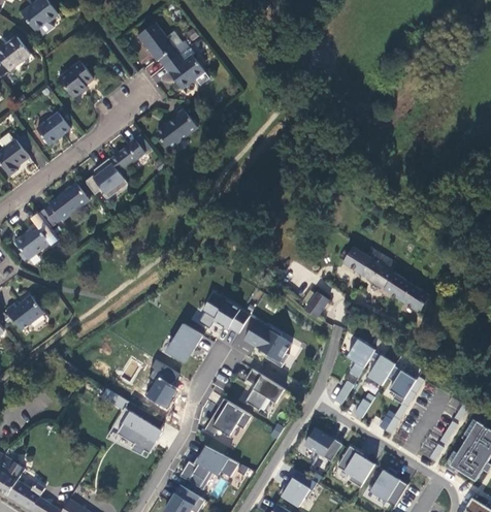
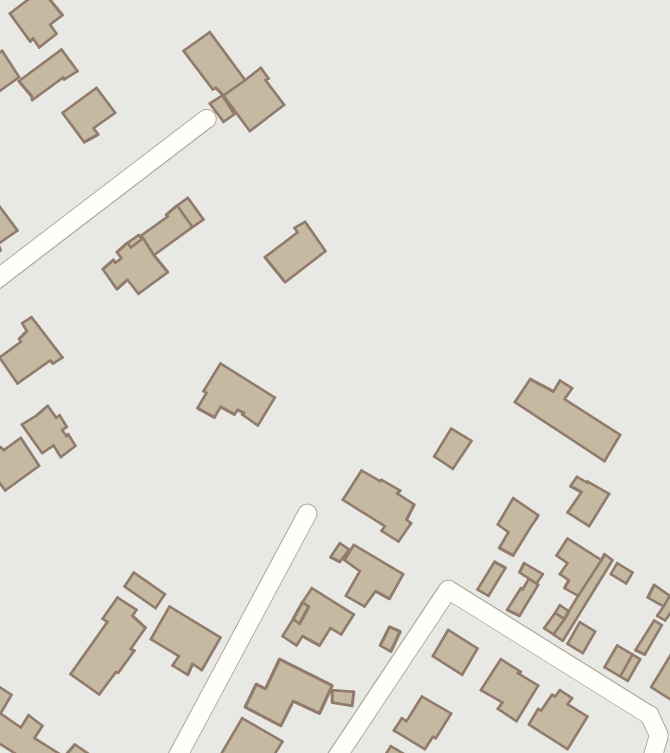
building: none -> [19,50,78,100]
building: [157,113,197,153] -> [265,222,325,282]
building: [35,115,69,147] -> none
building: [45,188,89,226] -> none
building: [338,246,389,274] -> none
building: none -> [22,406,76,457]
building: [199,291,251,332] -> [197,363,275,425]
building: [166,324,203,363] -> none
building: [367,351,395,384] -> [567,477,609,526]
building: [143,359,178,410] -> none
building: none -> [71,597,145,694]

